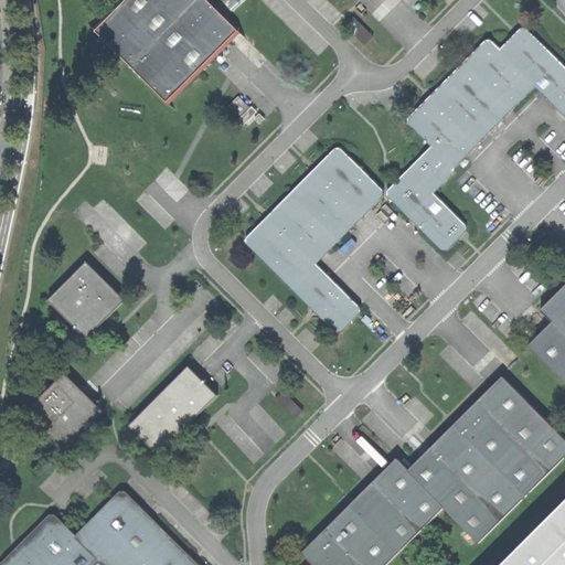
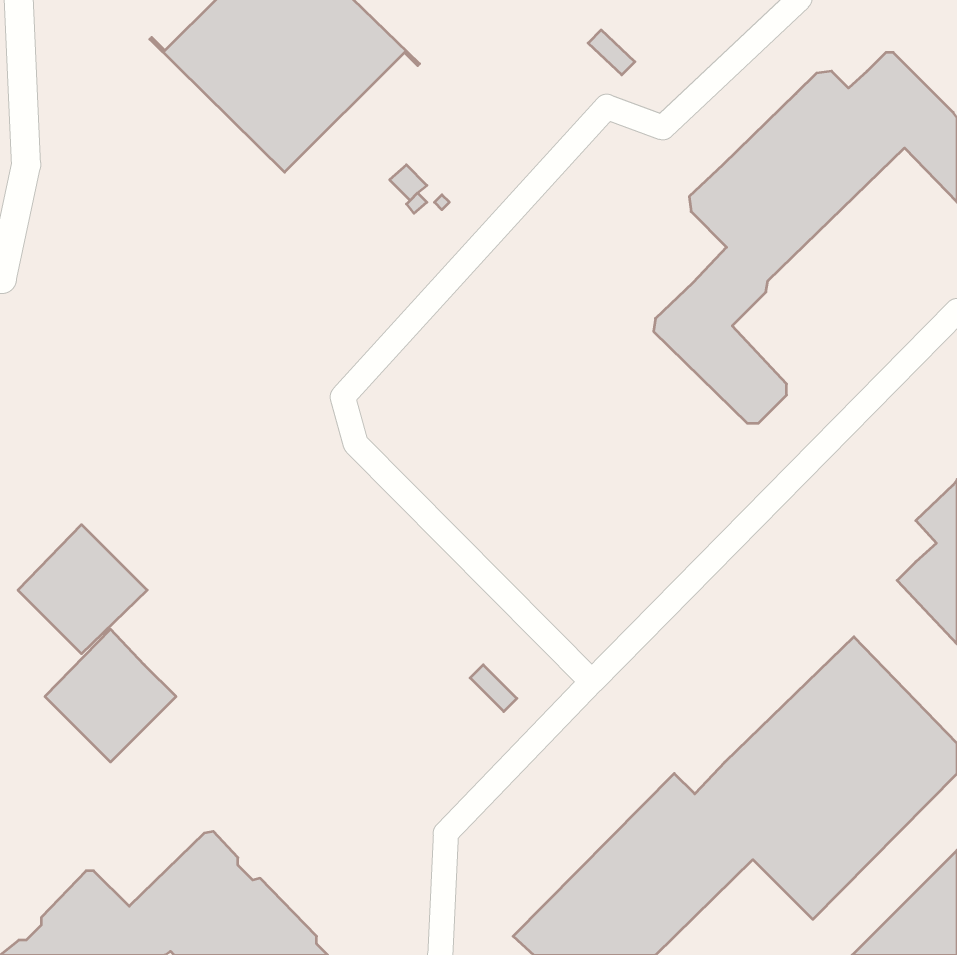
building: [245,147,382,331] -> none
building: [49,262,125,338] -> [18,525,147,654]
building: [128,365,217,454] -> none

